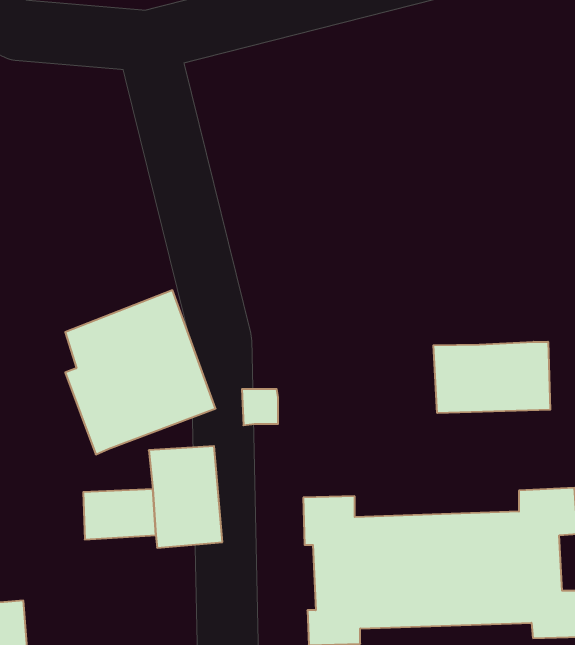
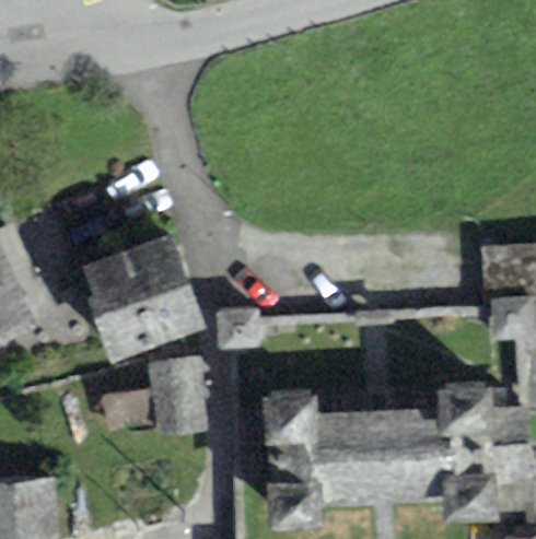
building: [433,342,550,413] -> none

